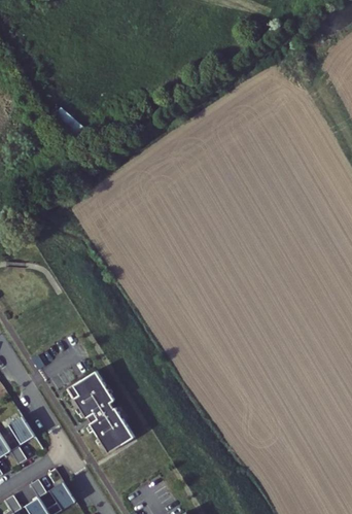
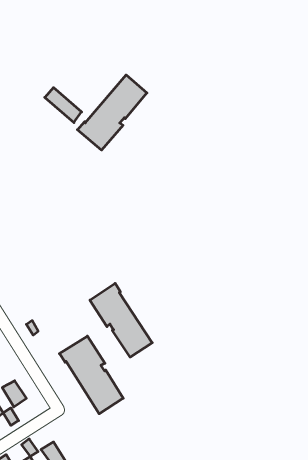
building: none -> [77,75,147,150]
building: none -> [90,283,152,357]

